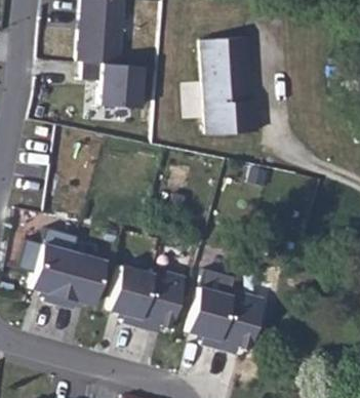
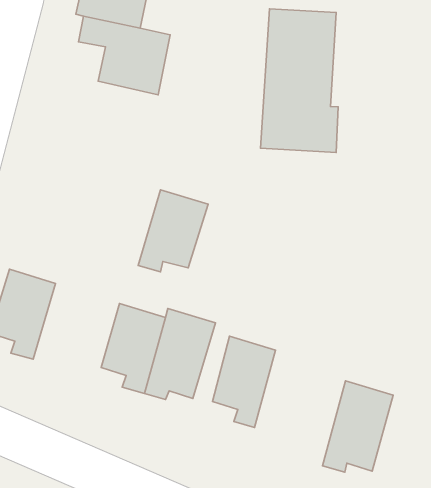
building: [62,250,106,306] -> [138,190,208,272]
building: [214,279,258,341] -> [322,381,393,472]

